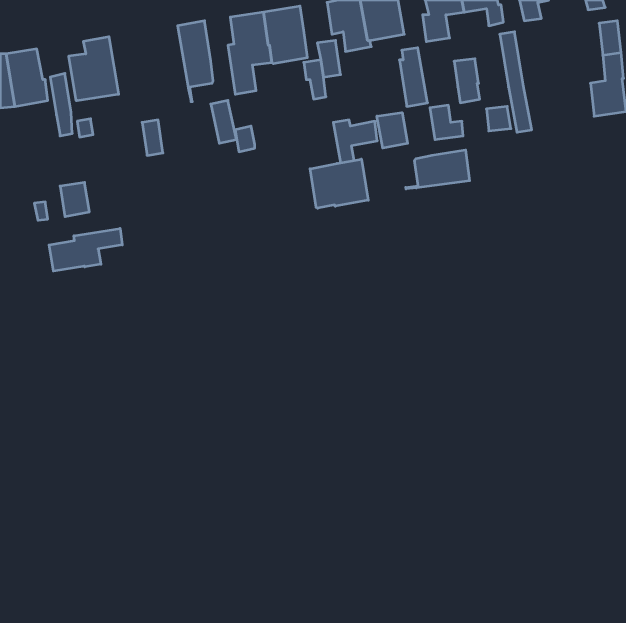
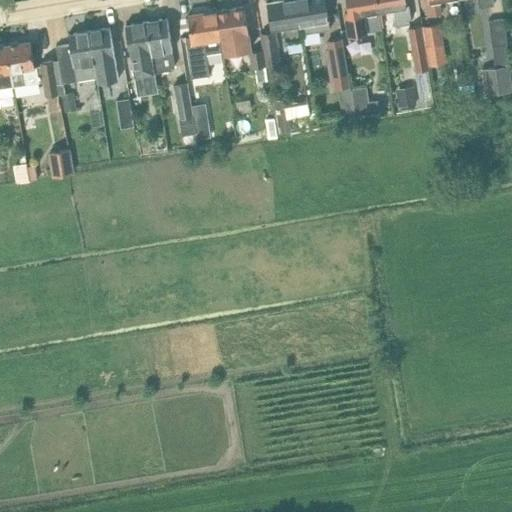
building: none -> [126,23,154,78]
building: none -> [89,29,119,84]
building: [454,59,480,103] -> [423,24,444,60]
building: [377,113,408,148] -> none
building: [406,150,470,189] -> none
building: [310,159,368,208] -> none
building: [49,228,122,271] -> none

